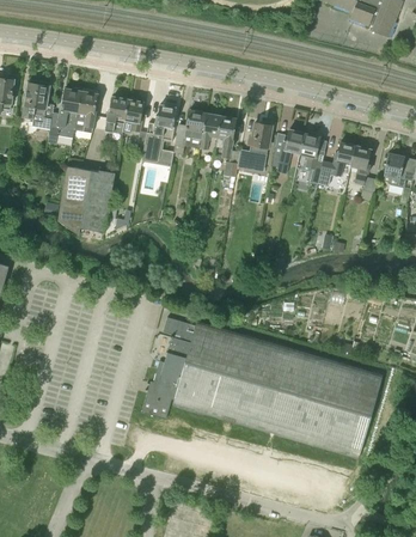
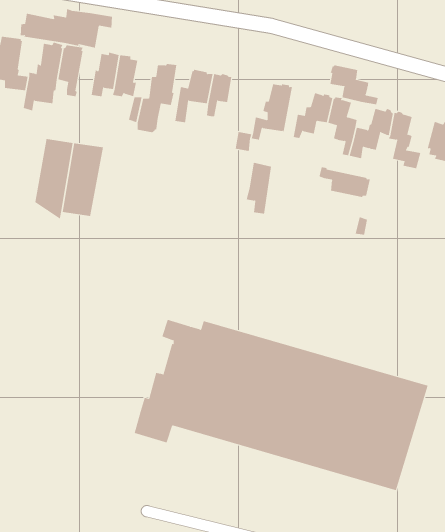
building: none -> [20,8,112,48]
building: none -> [330,64,378,105]
building: [215,116,237,159] -> [246,162,272,214]
building: none -> [319,167,370,198]

